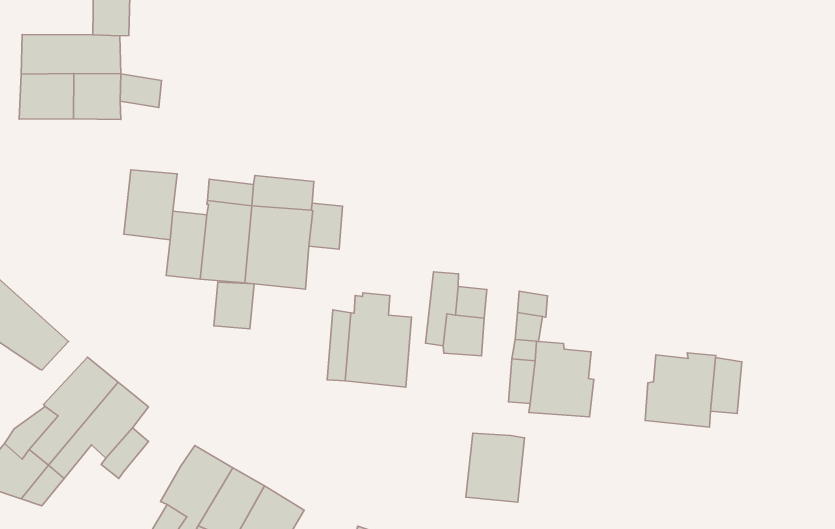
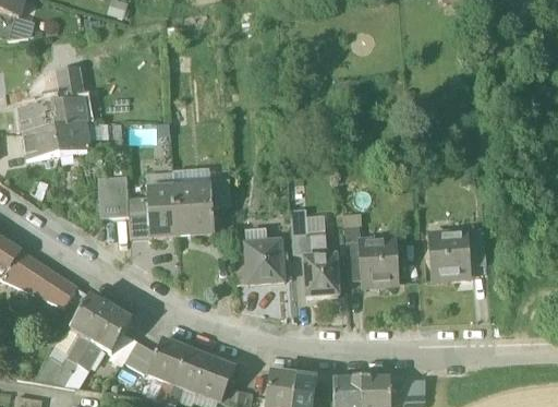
building: [214,282,254,329] -> none
building: [466,433,525,502] -> [304,254,338,296]
building: none -> [123,338,157,373]

